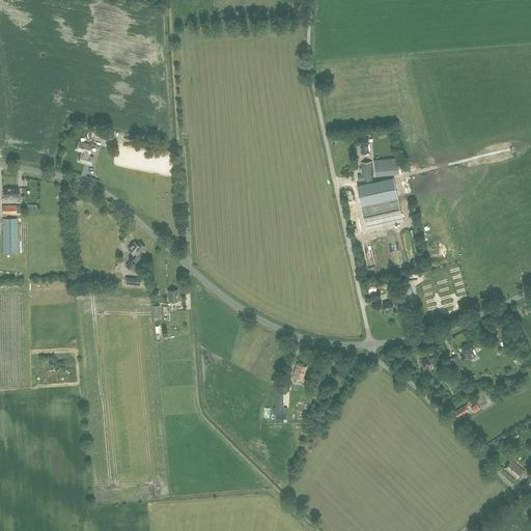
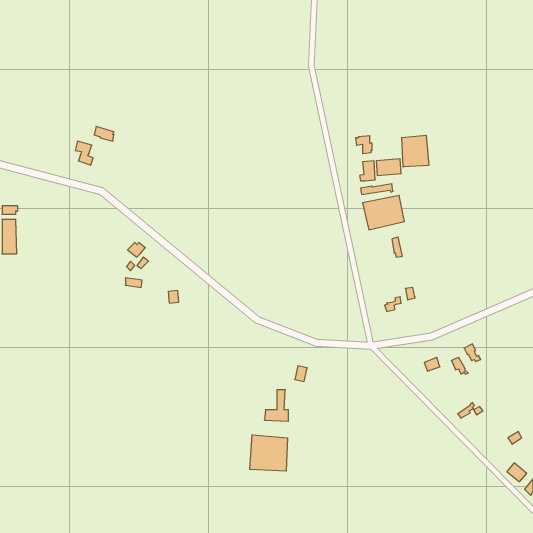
building: none -> [402,135,429,167]
building: none -> [250,435,288,471]

